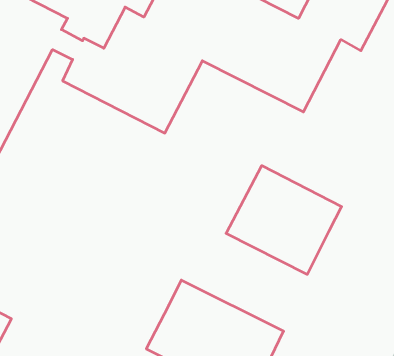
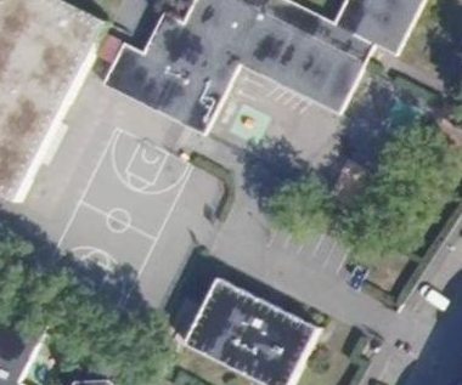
building: [226,166,342,274] -> none

